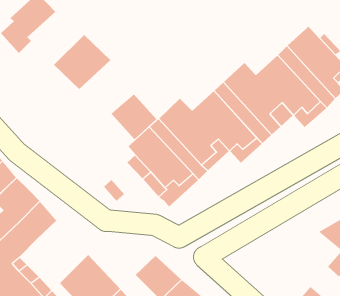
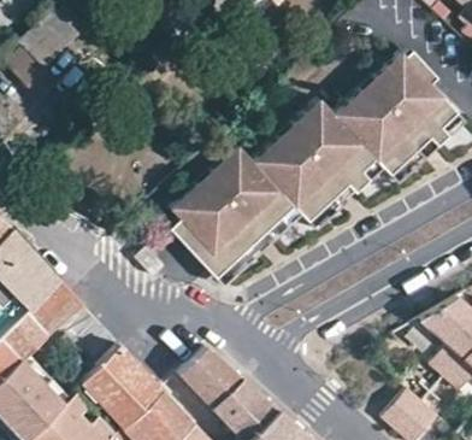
building: [53,34,111,90] -> none
building: [110,93,157,140] -> none

